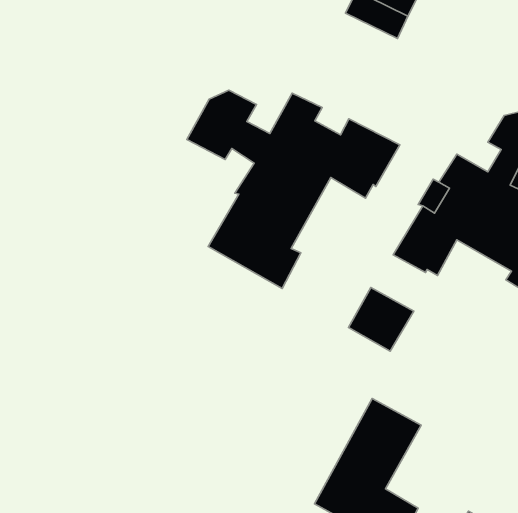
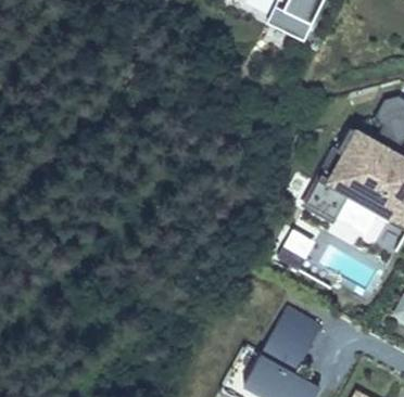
building: [187,90,400,289] -> none
building: none -> [332,204,375,248]

